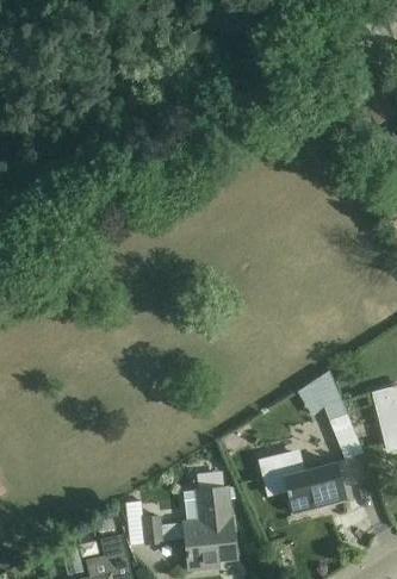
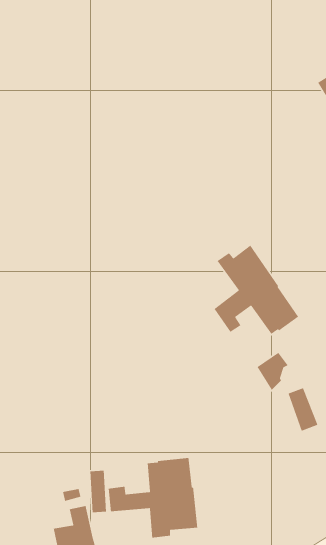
building: none -> [213,245,299,335]
building: [262,453,347,512] -> none

